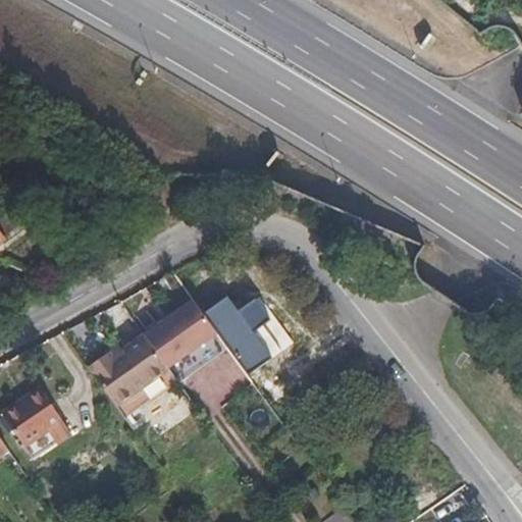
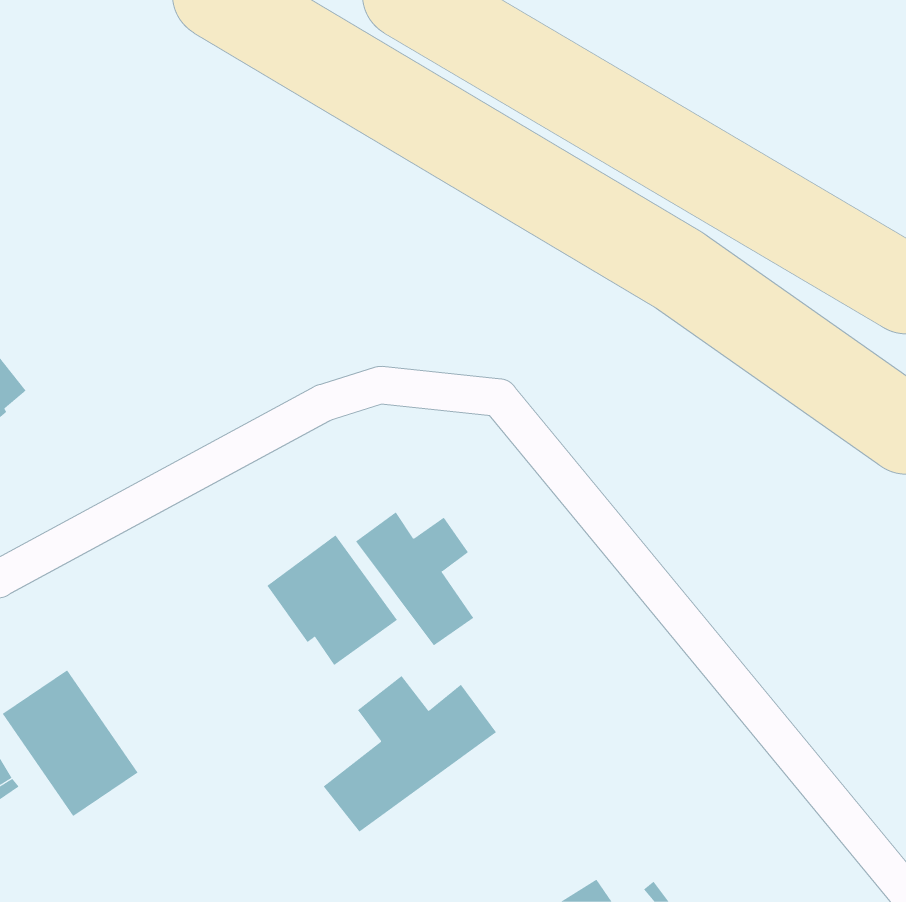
building: [87,332,166,403] -> none
building: none -> [323,675,497,833]

